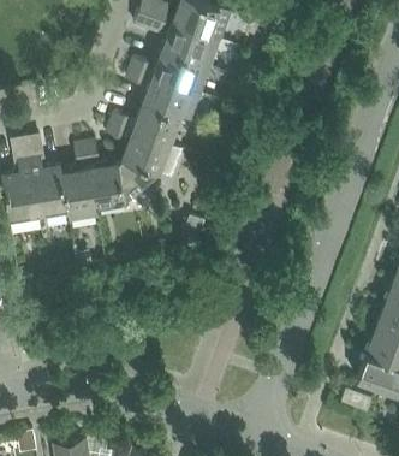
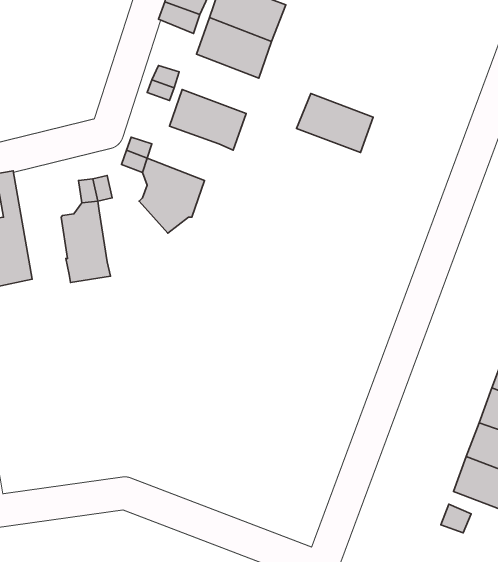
building: [151,51,209,95] -> [297,93,373,152]
building: [132,105,179,146] -> none
building: [24,136,66,220] -> none
building: [89,161,141,207] -> none

